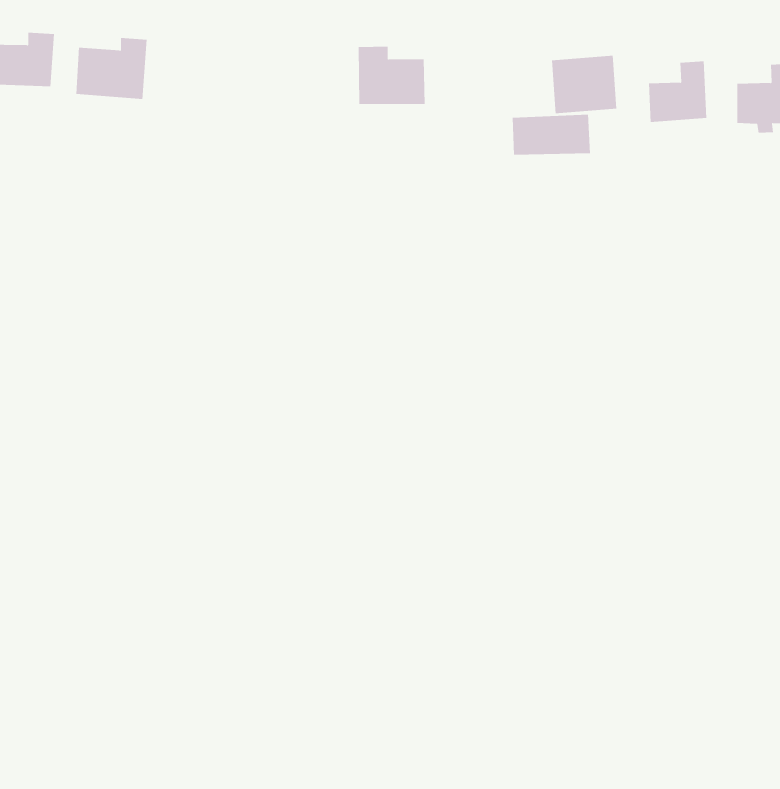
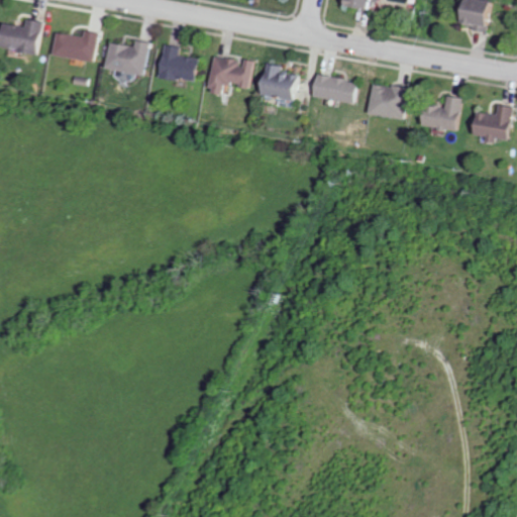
building: none -> [157,44,199,81]
building: none -> [208,57,254,94]
building: [512,114,591,155] -> [314,76,359,102]

